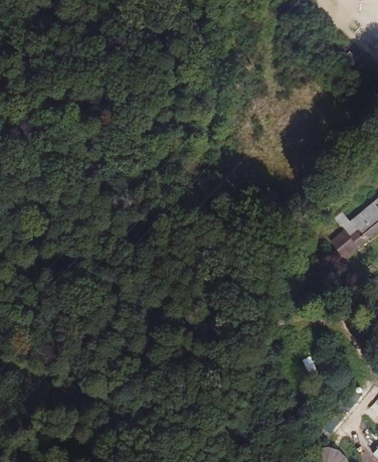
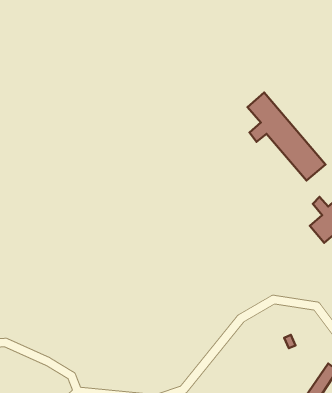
building: none -> [247,92,325,181]

